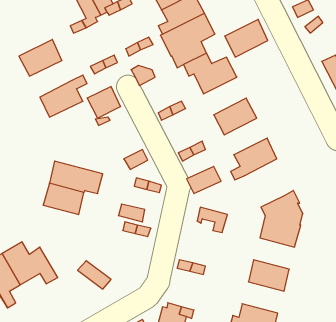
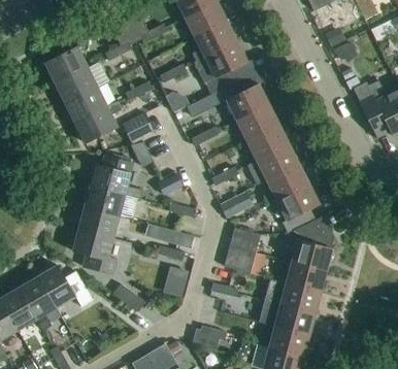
building: [225,19,268,57] -> [236,103,278,140]
building: none -> [44,46,88,82]
building: none -> [65,87,107,123]
building: none -> [247,143,299,183]
building: none -> [90,154,143,199]
building: none -> [276,183,319,233]
building: none -> [72,229,117,274]
building: none -> [224,242,255,273]
building: none -> [280,260,326,292]
building: none -> [166,262,191,293]
building: none -> [262,300,316,335]

